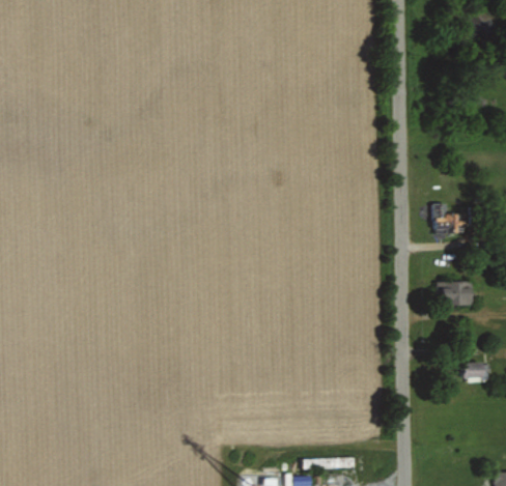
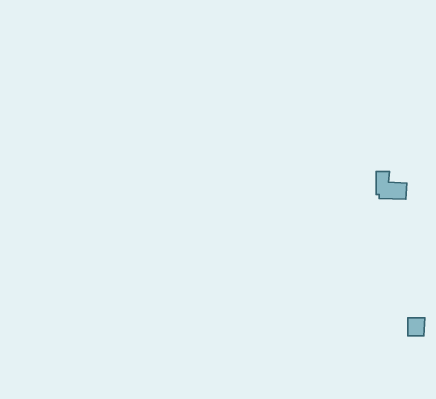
building: [443,281,472,306] -> none

